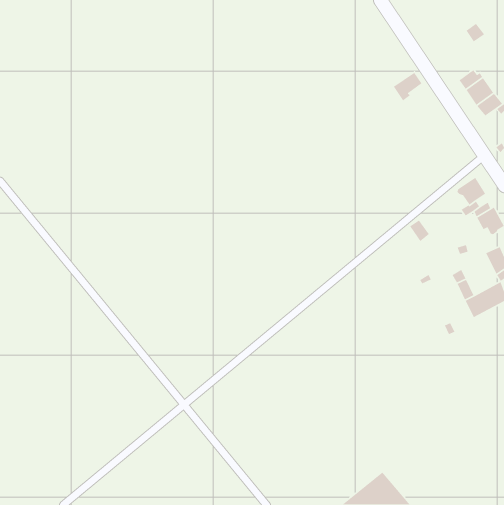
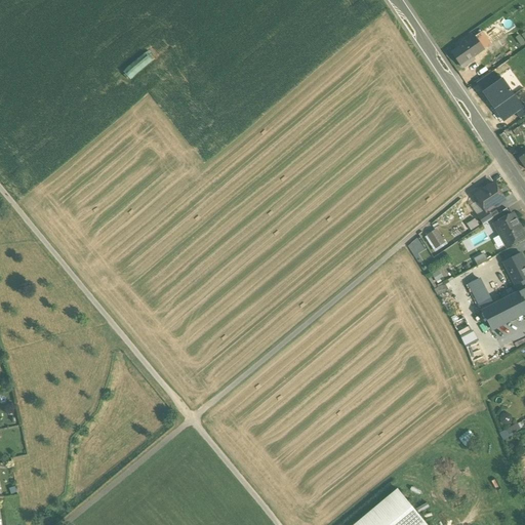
building: [393,72,423,101] -> [453,38,484,69]

